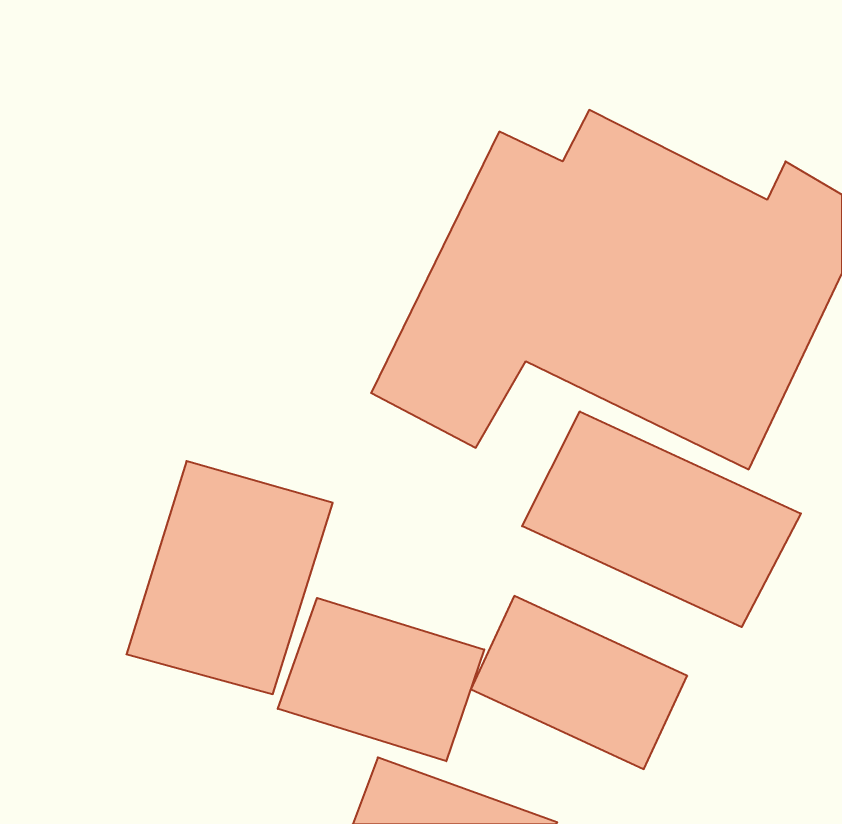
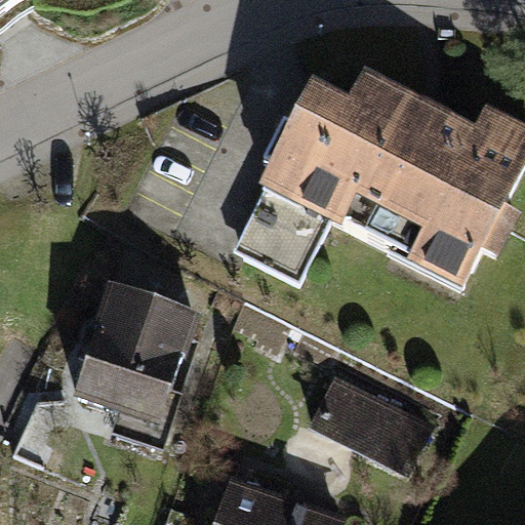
building: [522,411,801,627] -> none
building: [278,598,484,761] -> none

